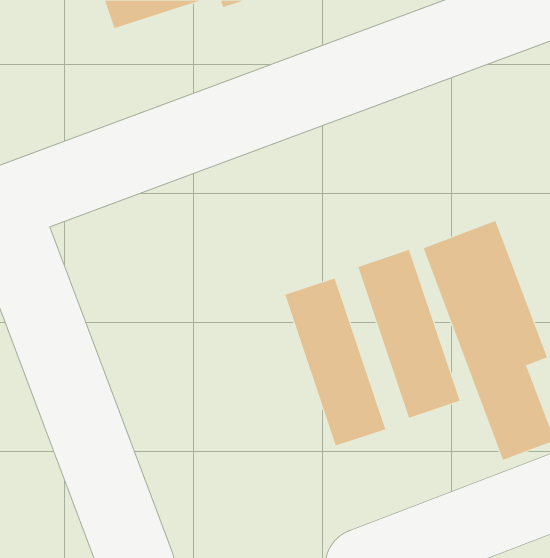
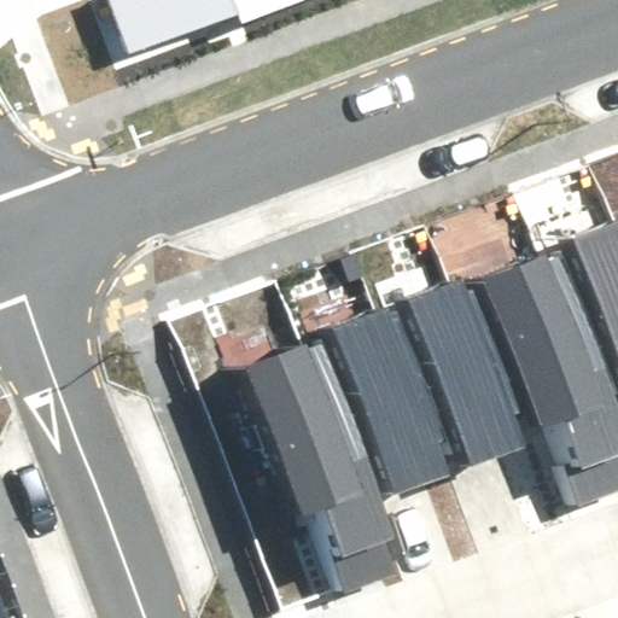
building: none -> [244,338,404,593]

